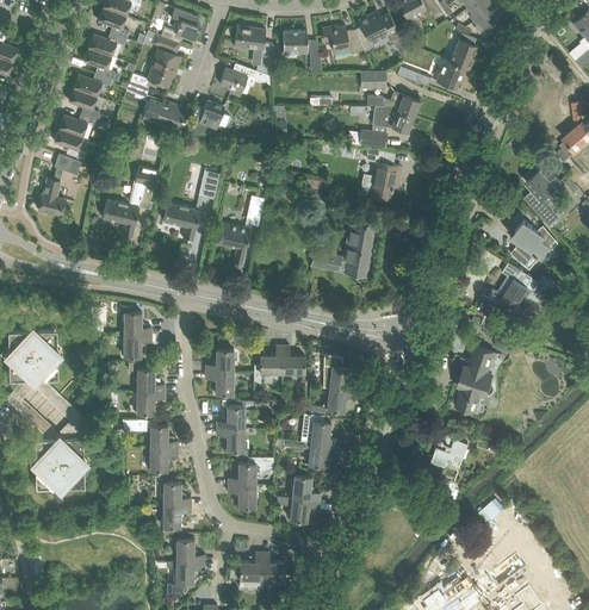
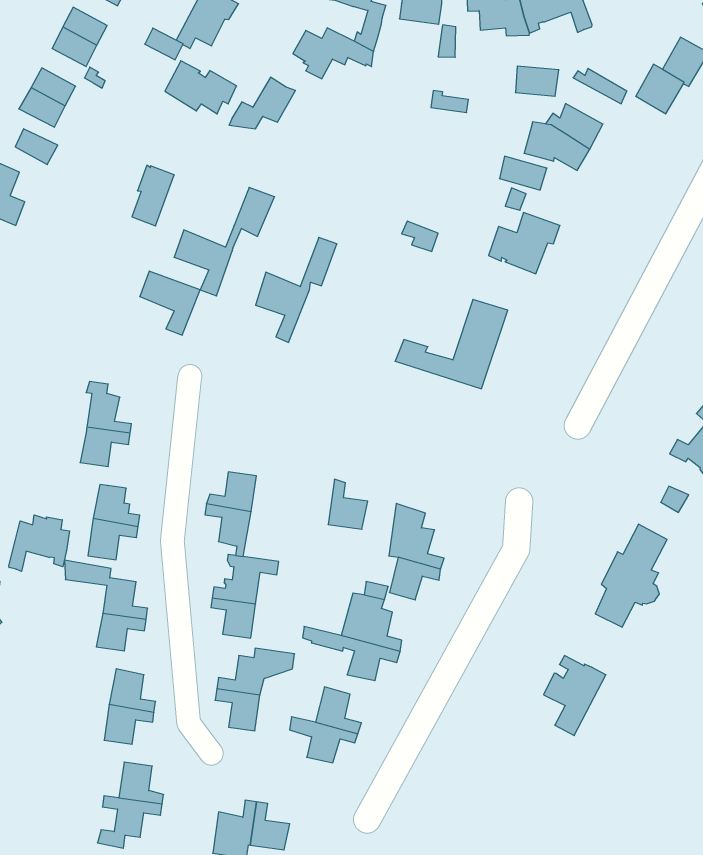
building: [103,200,140,237] -> [140,271,200,335]
building: [254,344,283,384] -> none
building: none -> [9,515,69,571]

